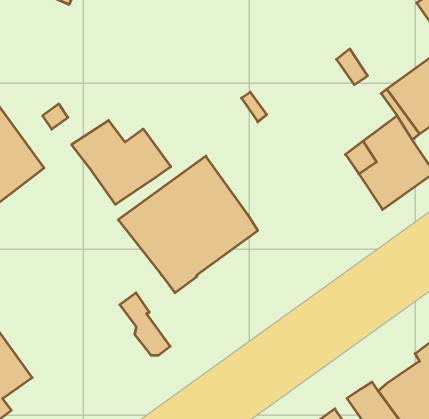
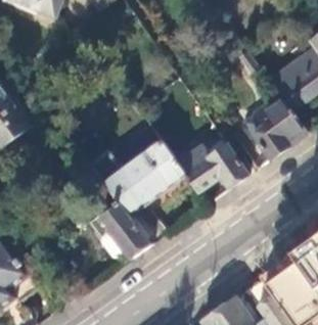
building: [72,120,171,204] -> none
building: none -> [177,143,248,191]
building: none -> [100,203,149,260]

